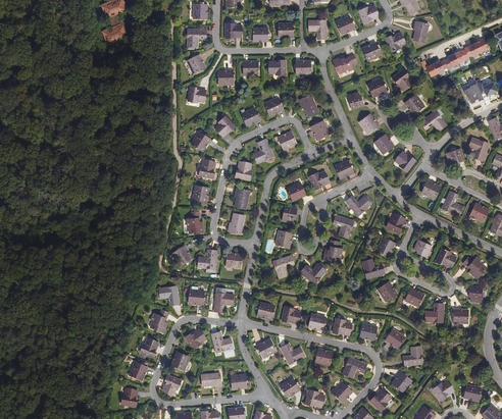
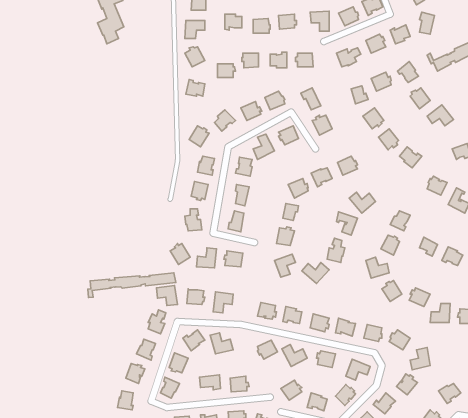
building: none -> [88,273,176,297]

